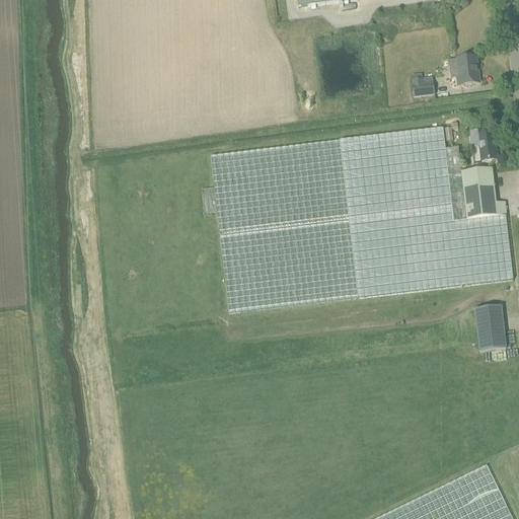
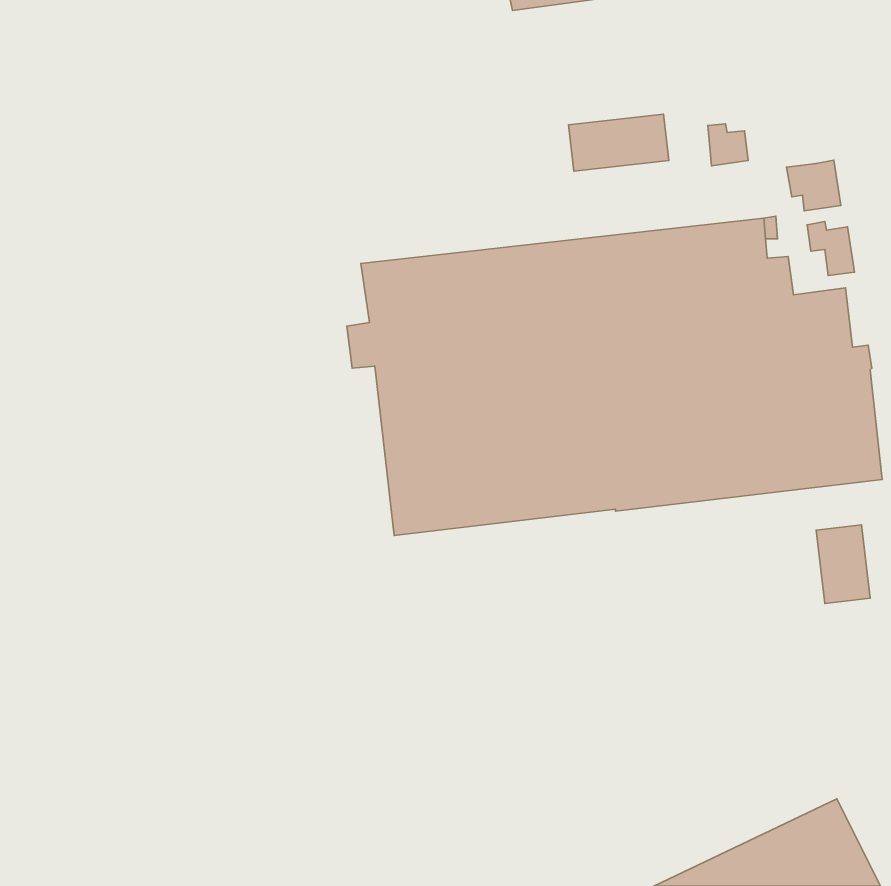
building: [448,55,479,84] -> [787,160,841,211]
building: none -> [568,114,669,171]

